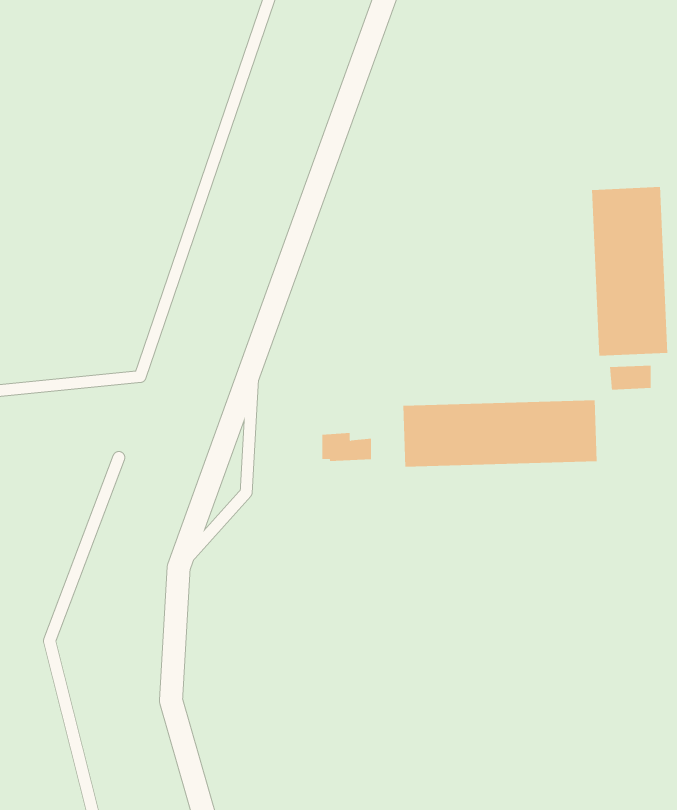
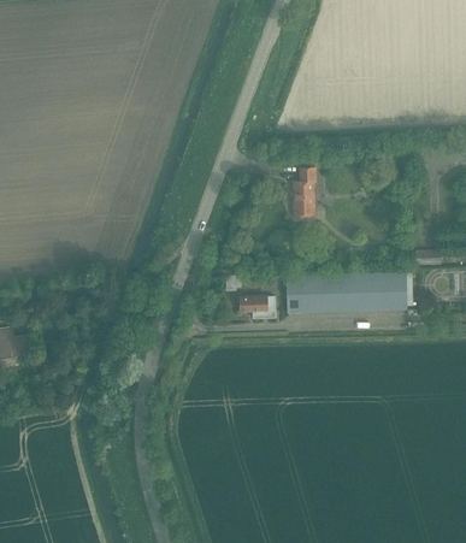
building: [591,186,668,356] -> none
building: none -> [293,167,315,214]

